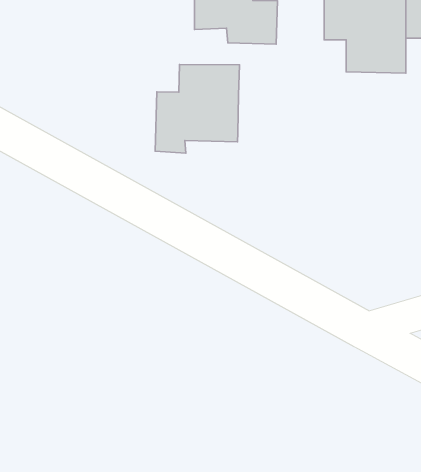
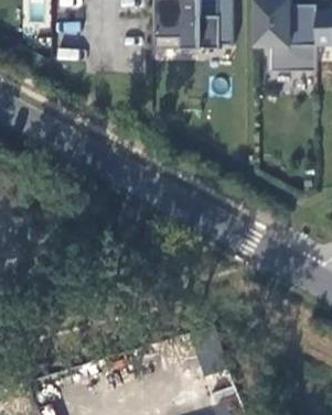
building: [155,65,239,153] -> none

